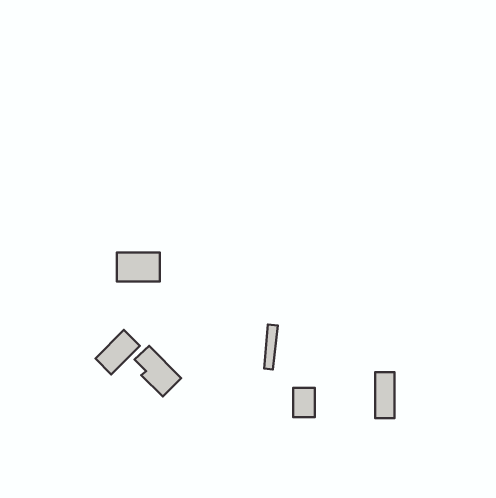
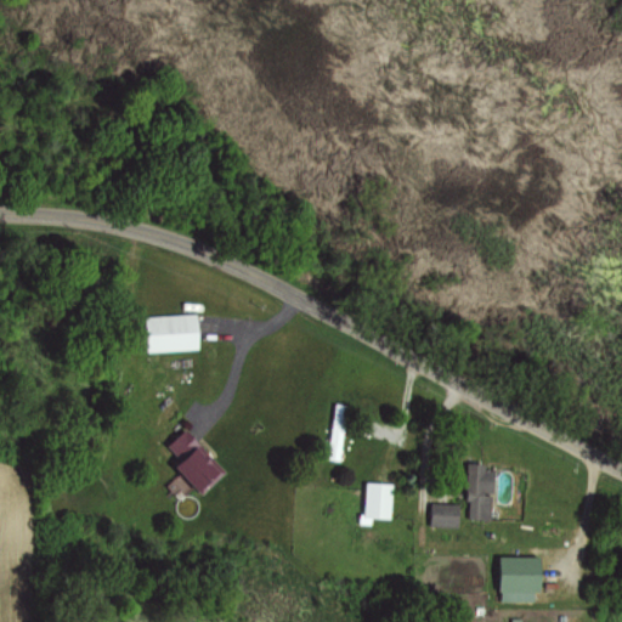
building: [95,330,140,374] -> none
building: none -> [431,504,459,527]
building: none -> [499,556,542,592]

